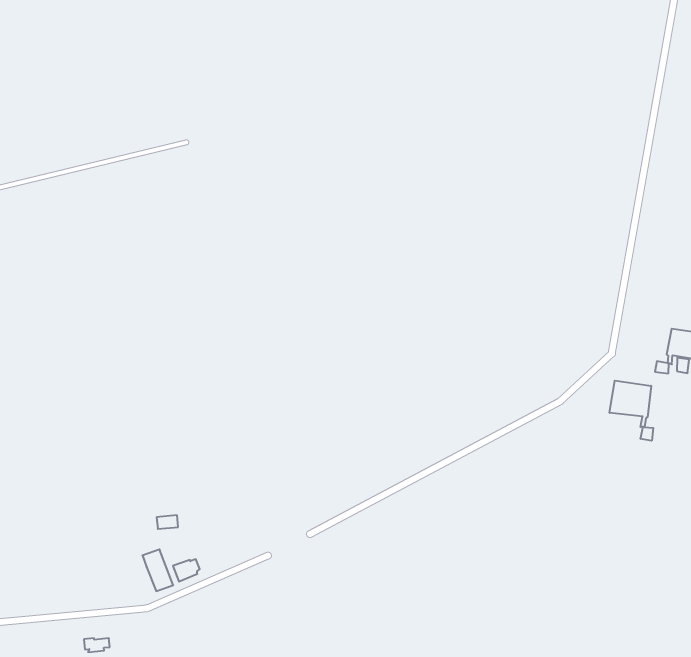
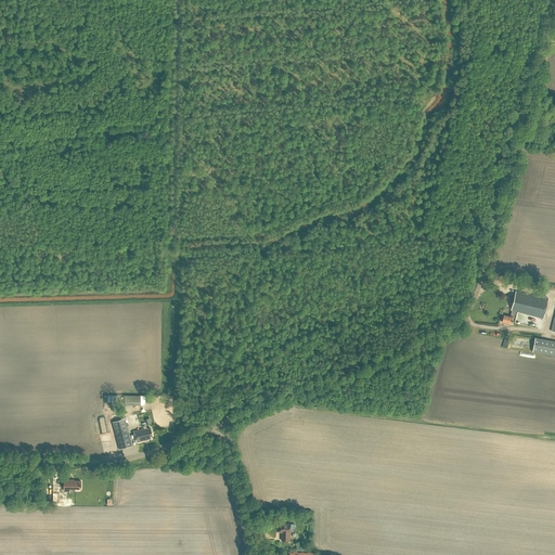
building: [610,381,653,441] -> none

